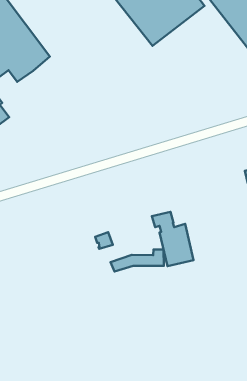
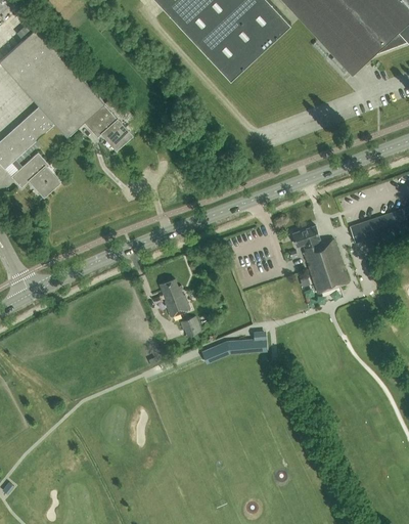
building: none -> [85,103,132,150]
building: none -> [160,278,190,316]
building: [152,212,193,266] -> [292,225,349,293]

